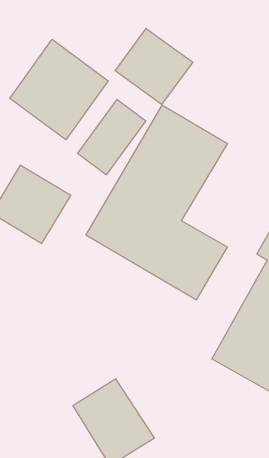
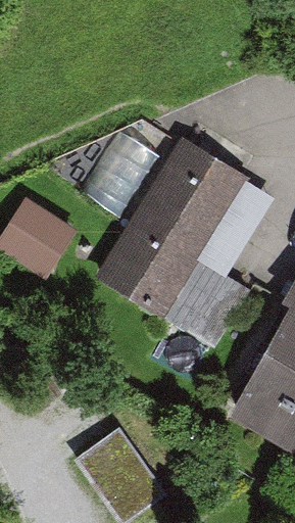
building: [115,28,193,105] -> none
building: [10,39,108,140] -> none

